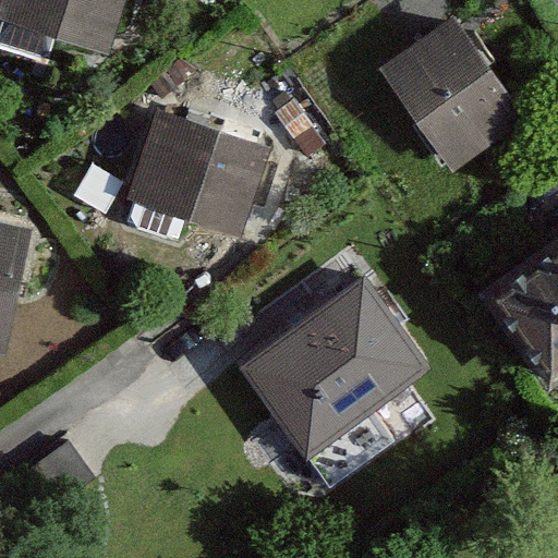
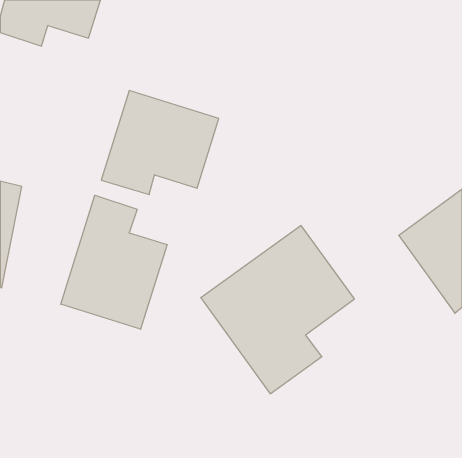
building: [385,21,520,166] -> none
building: none -> [61,195,167,329]

